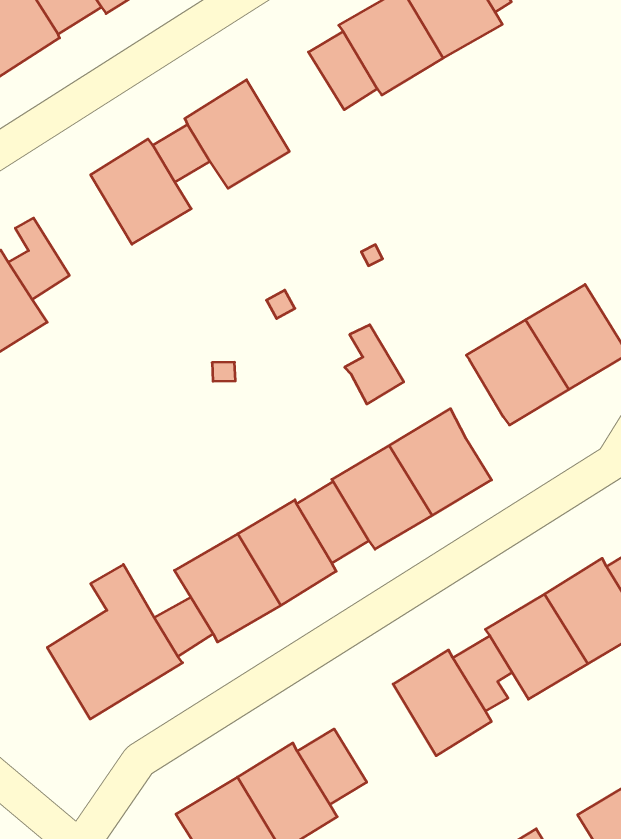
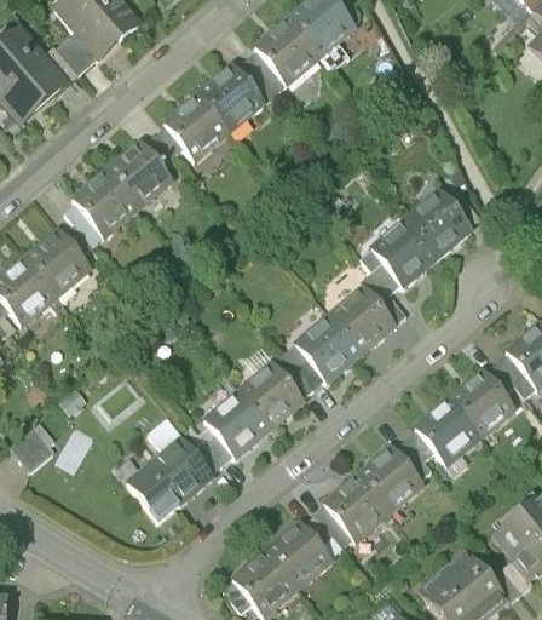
building: none -> [200,62,270,132]
building: none -> [71,167,142,237]
building: [345,325,404,404] -> [361,249,400,302]
building: none -> [318,469,391,541]

